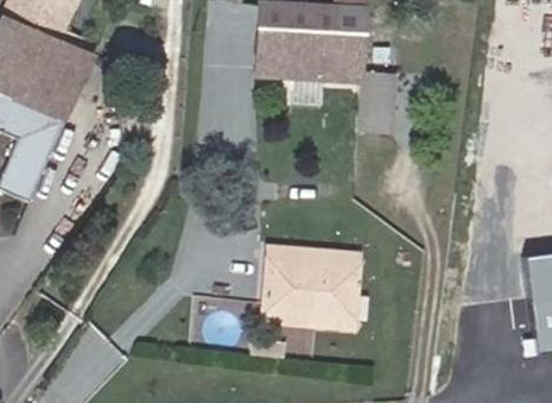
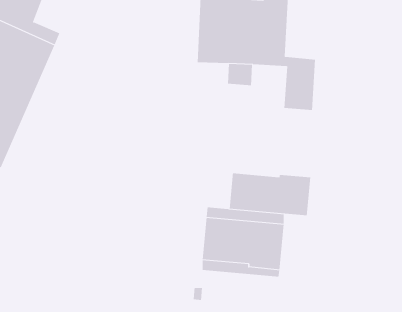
building: none -> [229,172,311,216]

